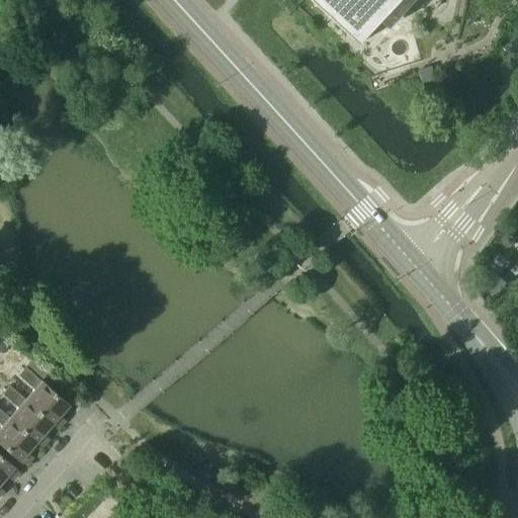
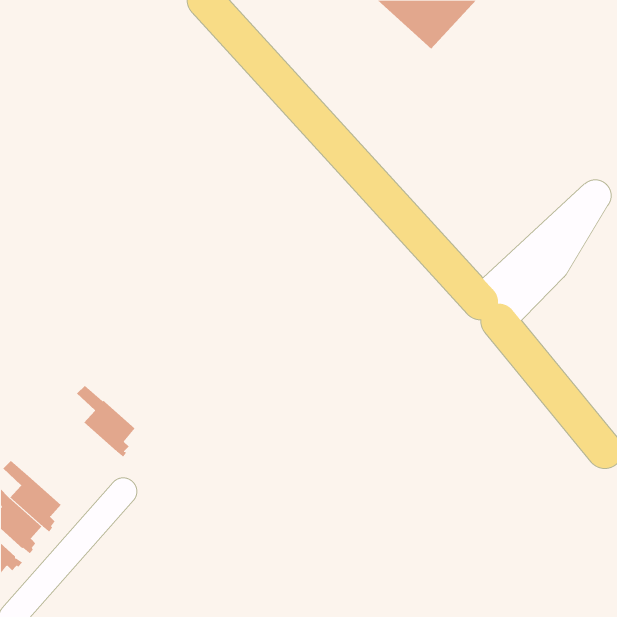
building: [18,367,68,428] -> [76,385,135,457]

